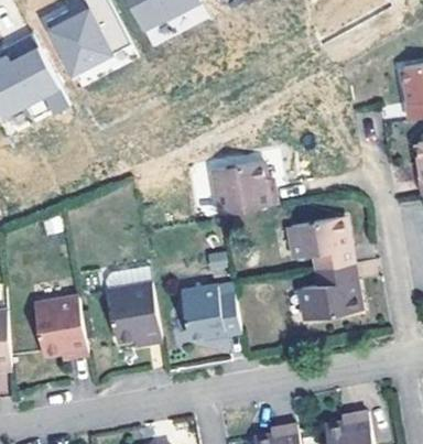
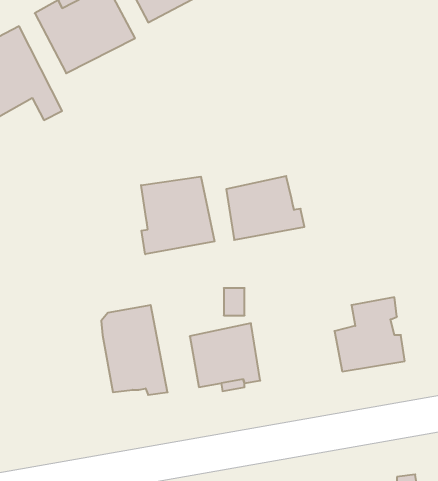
building: none -> [141,177,215,254]
building: [288,208,352,269] -> none
building: [32,302,87,360] -> none

